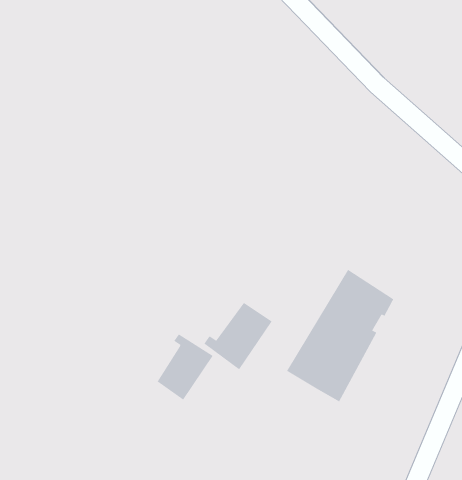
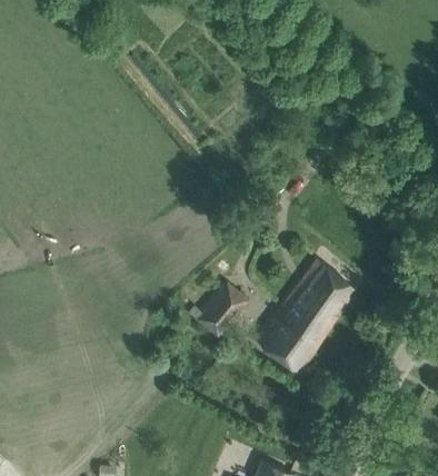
building: [157,334,214,400] -> none

